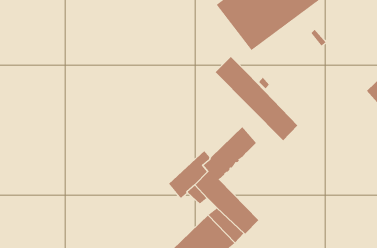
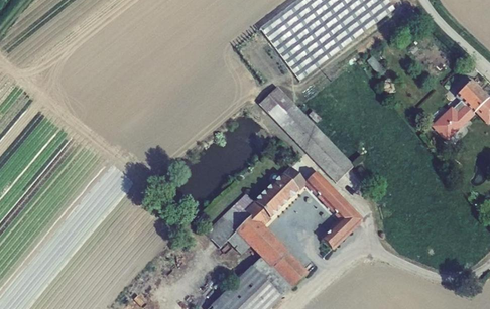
building: none -> [304,170,362,250]

